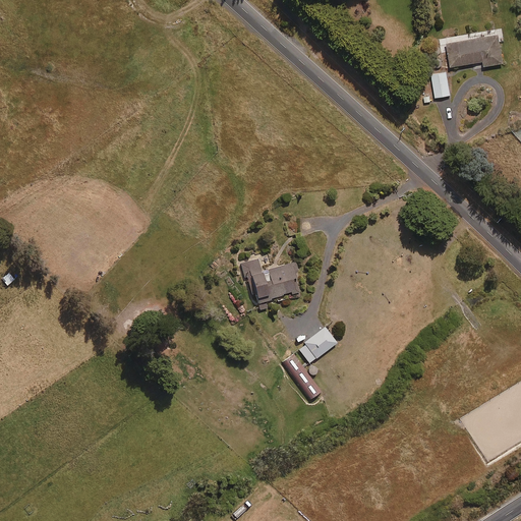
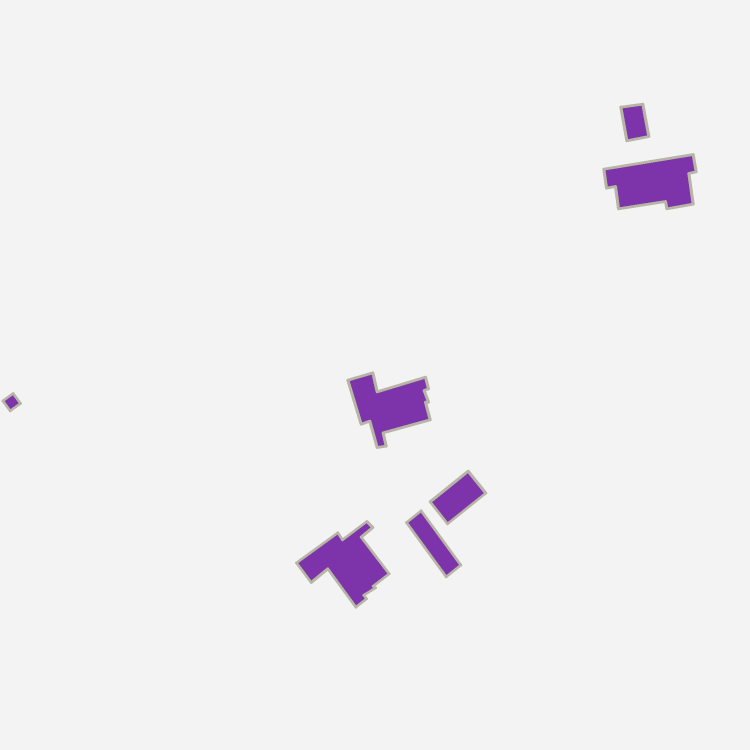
building: [440,28,504,66] -> [604,154,696,209]
building: none -> [297,522,389,607]

